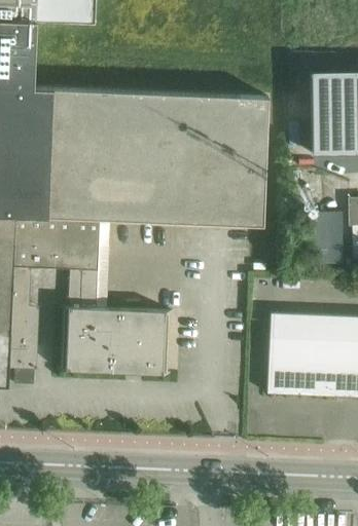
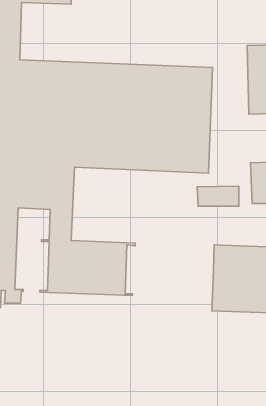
building: none -> [197,186,239,206]

